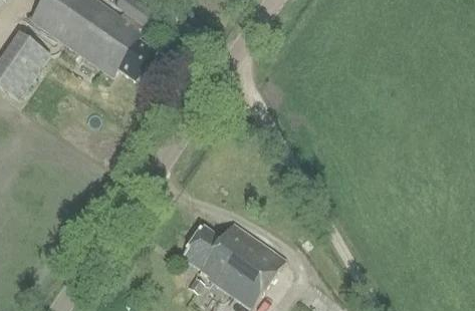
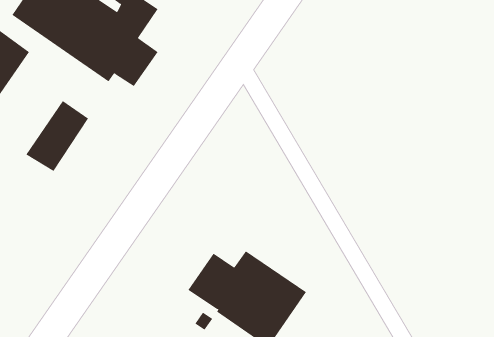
building: none -> [26,100,89,172]

